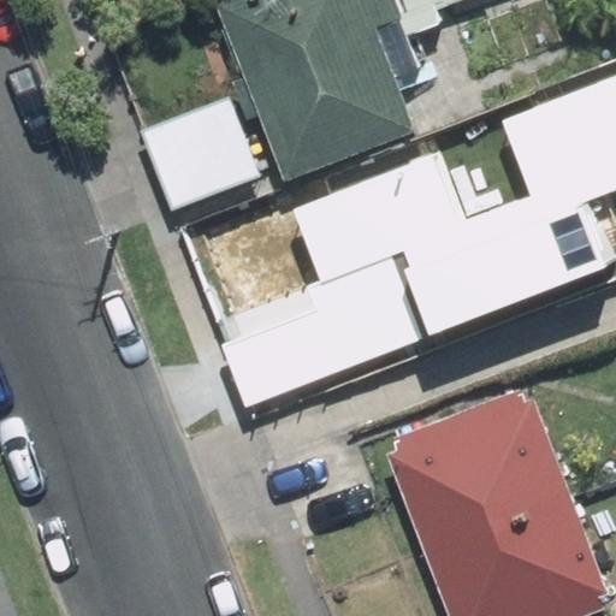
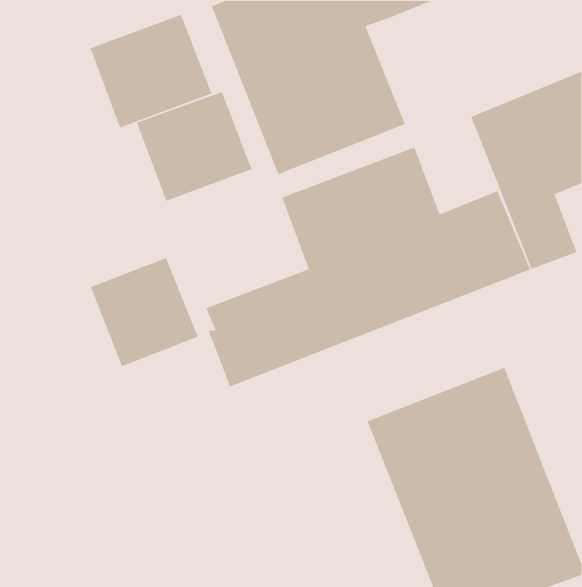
building: none -> [89,14,213,128]
building: none -> [90,257,199,367]

